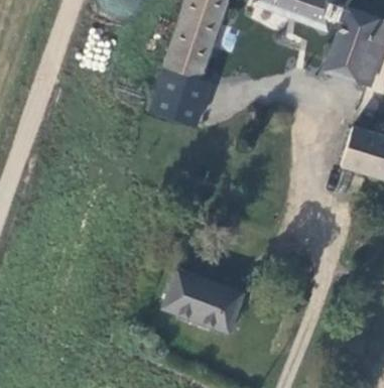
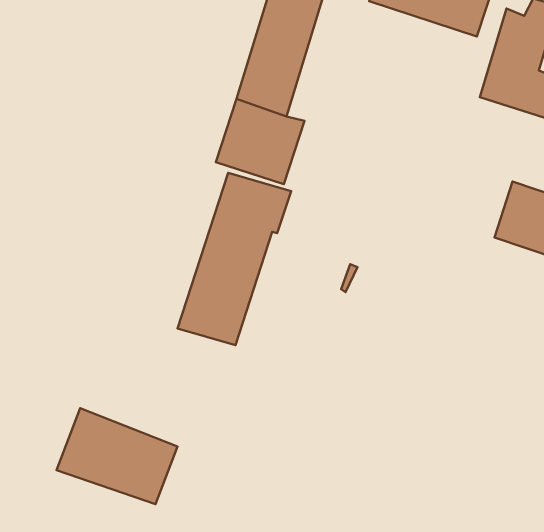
building: none -> [178,173,291,345]
building: [162,268,245,334] -> [57,408,178,504]

